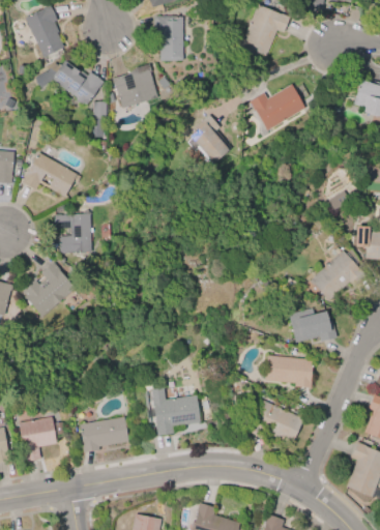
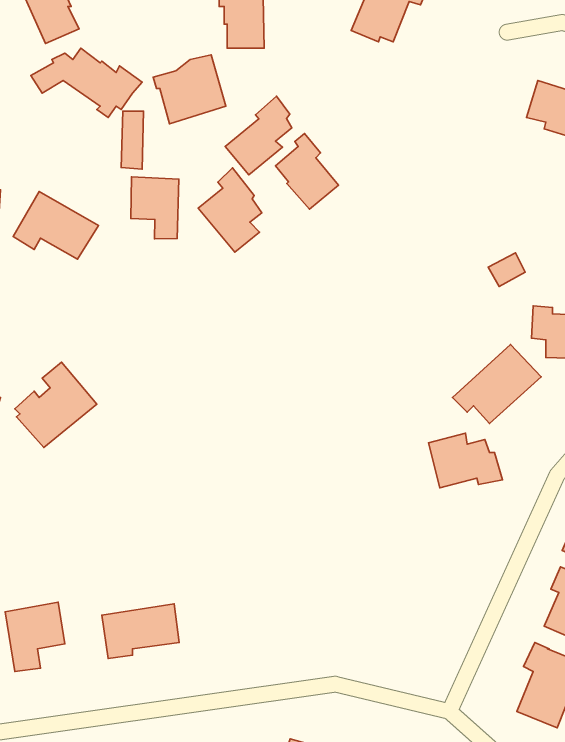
building: [251,84,306,131] -> none
building: none -> [225,96,292,175]
building: none -> [198,168,262,252]
building: none -> [131,177,179,239]
building: [55,213,93,254] -> none
building: [266,355,314,388] -> none
building: [151,387,201,435] -> none
building: [250,401,303,444] -> none

